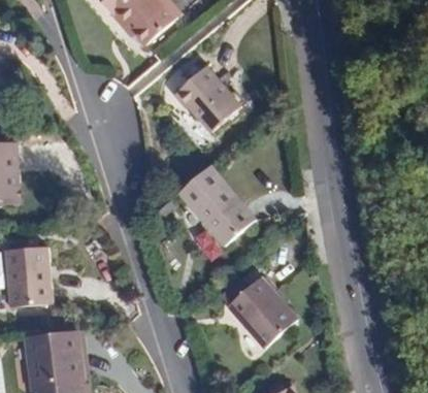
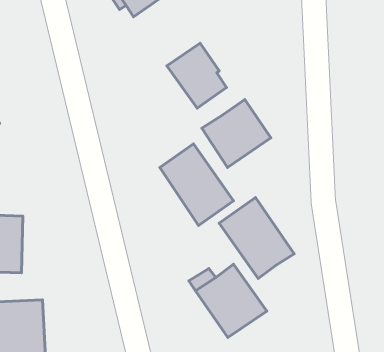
building: none -> [202,99,271,168]
building: none -> [219,198,294,279]

